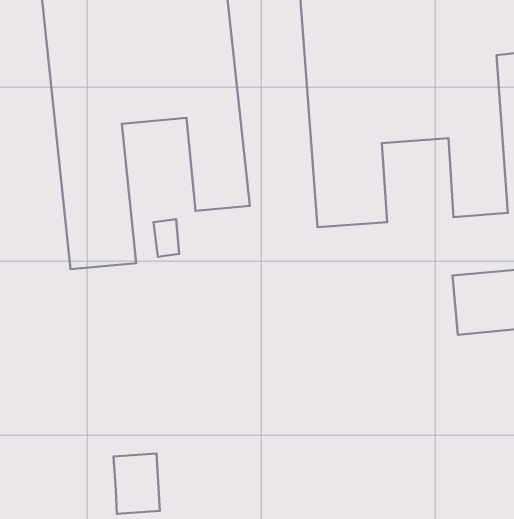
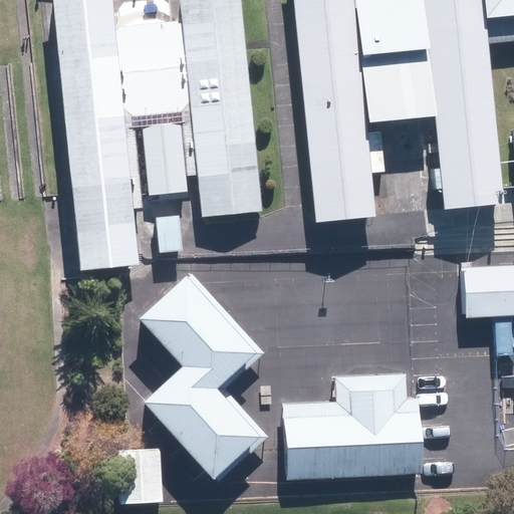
building: none -> [146,123,190,194]
building: none -> [139,275,257,477]
building: none -> [286,371,424,478]

